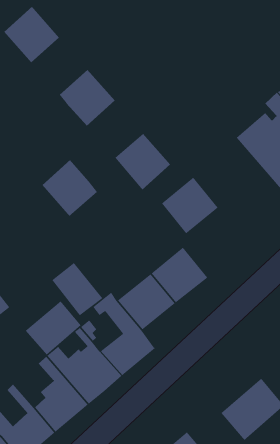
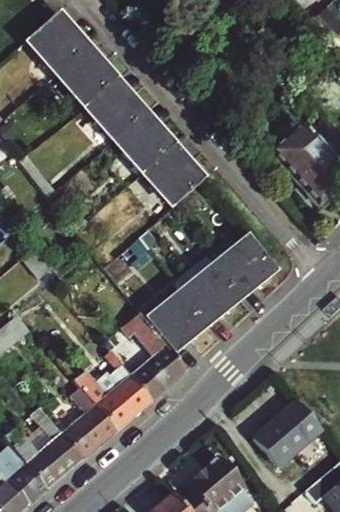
building: none -> [57,46,116,106]
building: [42,159,98,217] -> [115,112,174,172]
building: [161,177,218,234] -> [216,237,276,297]
building: [51,262,103,316] -> none
building: [25,300,82,356] -> none

